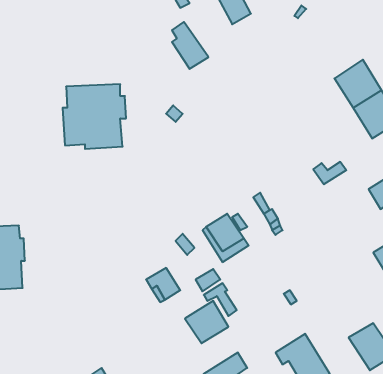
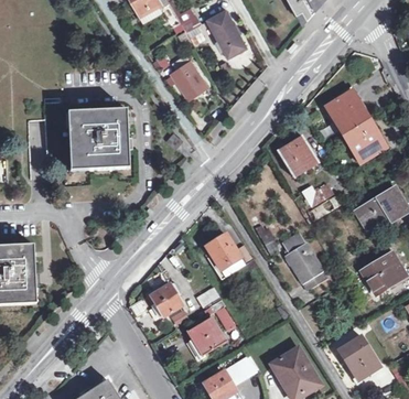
building: none -> [279,136,317,175]
building: none -> [281,230,327,291]

